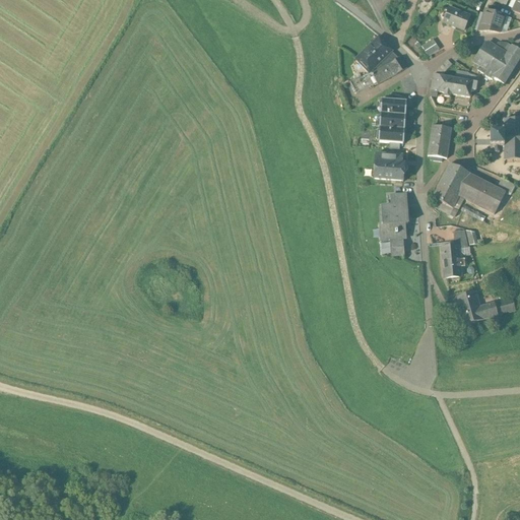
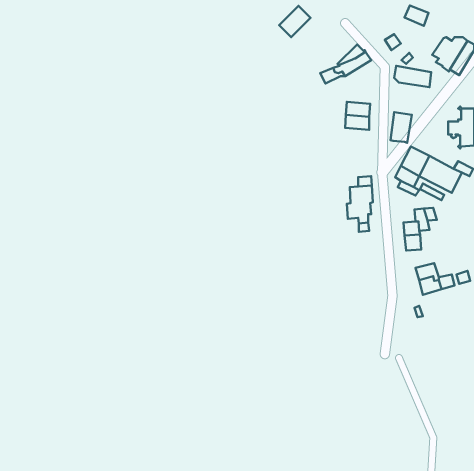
building: [479,7,505,28] -> none
building: [356,36,391,70] -> [279,6,311,37]
building: [380,98,406,114] -> none
building: [374,152,407,180] -> none

